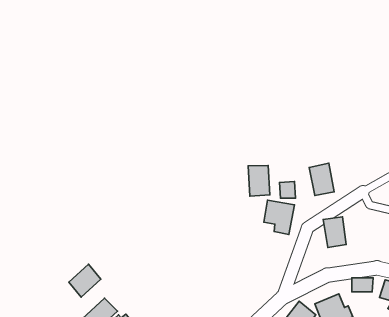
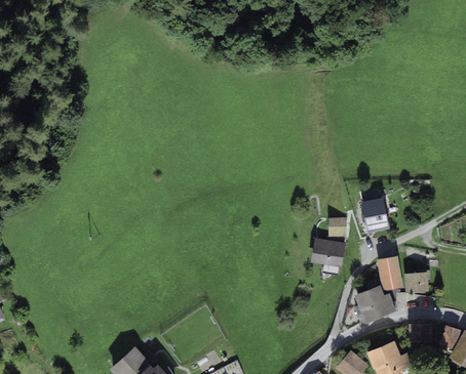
building: [248,166,270,196] -> none
building: none -> [404,273,428,293]
building: none -> [354,286,397,324]
building: [69,264,101,297] -> none

